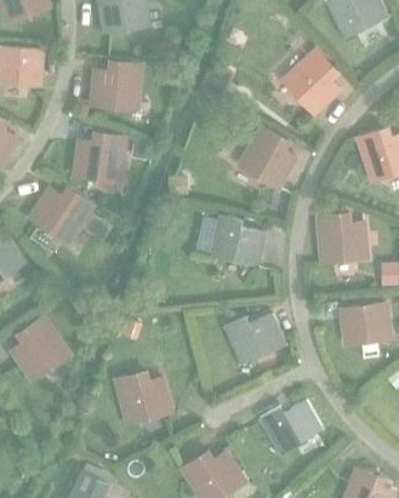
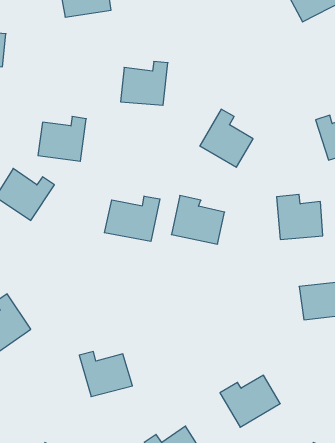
building: [284,51,340,114] -> none
building: [91,64,139,109] -> [121,62,168,105]
building: none -> [104,196,160,241]
building: [226,315,286,365] -> none

